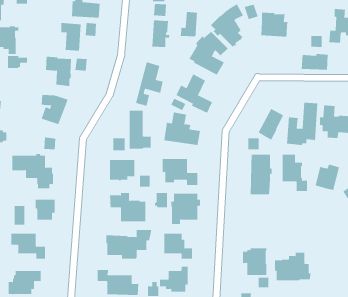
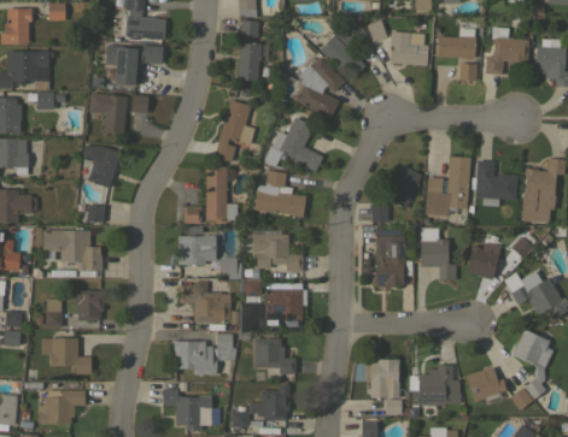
building: [180,11,197,37] -> none
building: [301,54,329,70] -> [437,36,475,59]
building: none -> [465,367,506,406]

